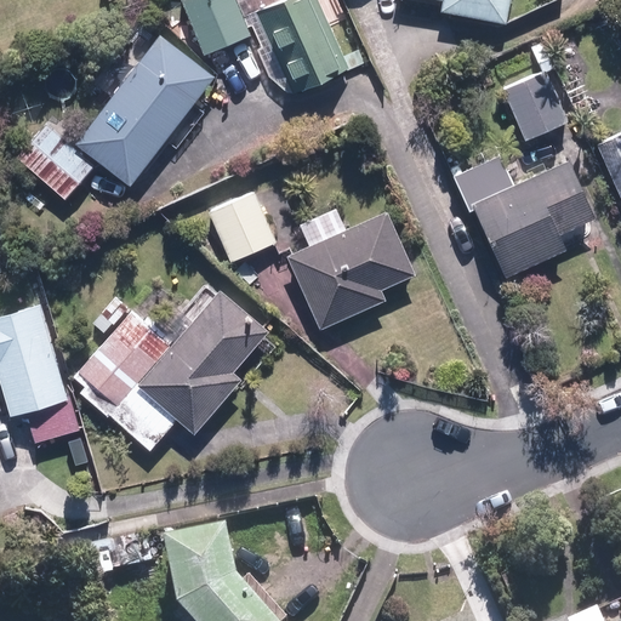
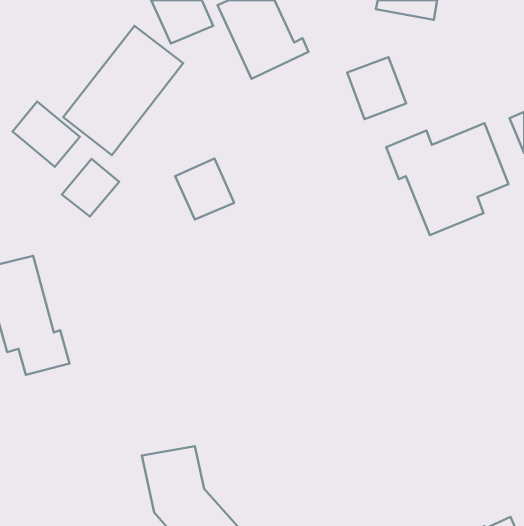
building: [500,70,569,143] -> [347,57,406,119]
building: none -> [62,159,119,216]
building: [287,207,418,331] -> none
building: [72,285,269,454] -> none

